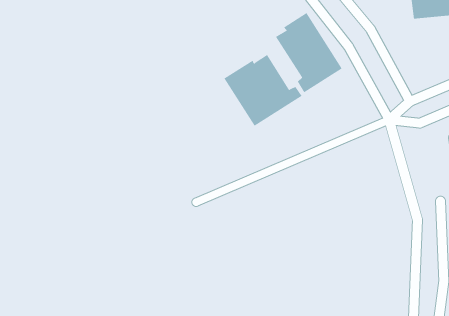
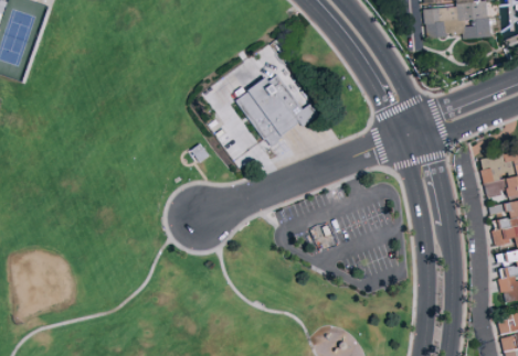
building: [275,12,343,93] -> none

